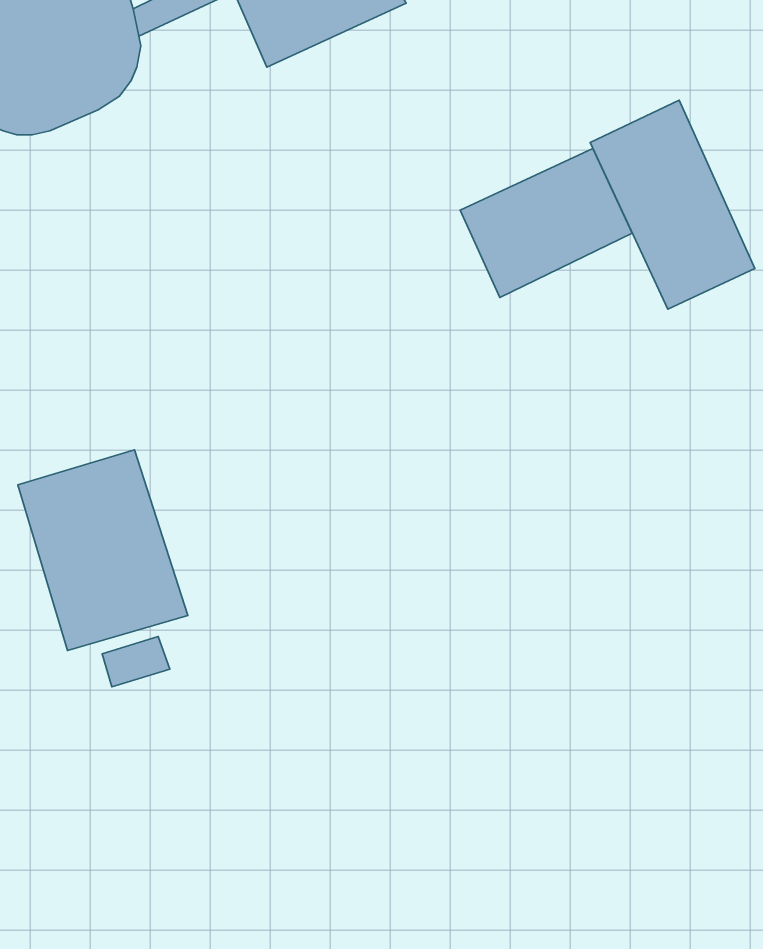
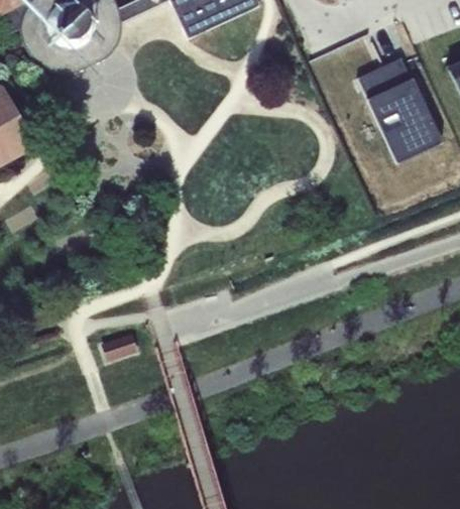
building: [460,149,632,298] -> none
building: [18,450,188,650] -> none

